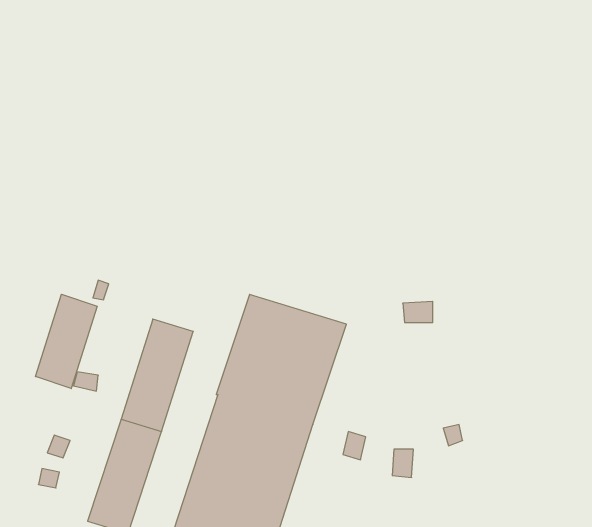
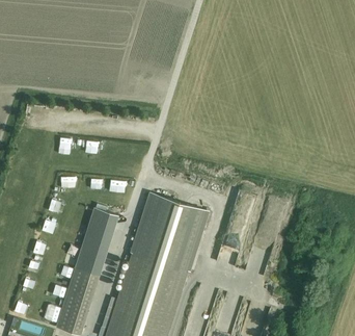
building: [36,294,97,389] -> none

